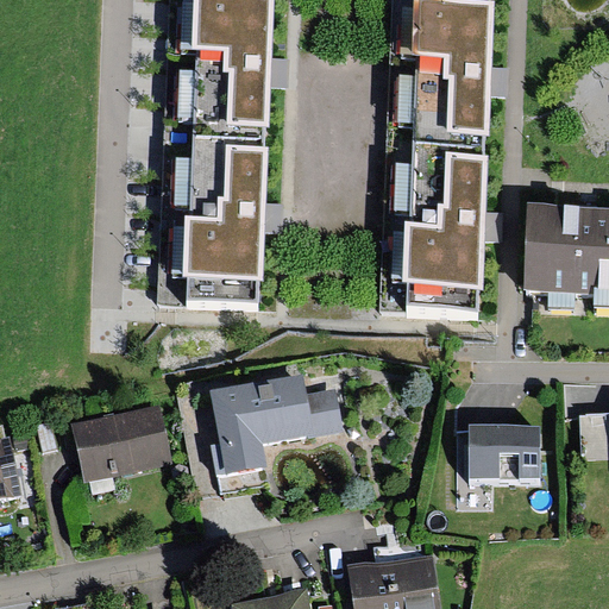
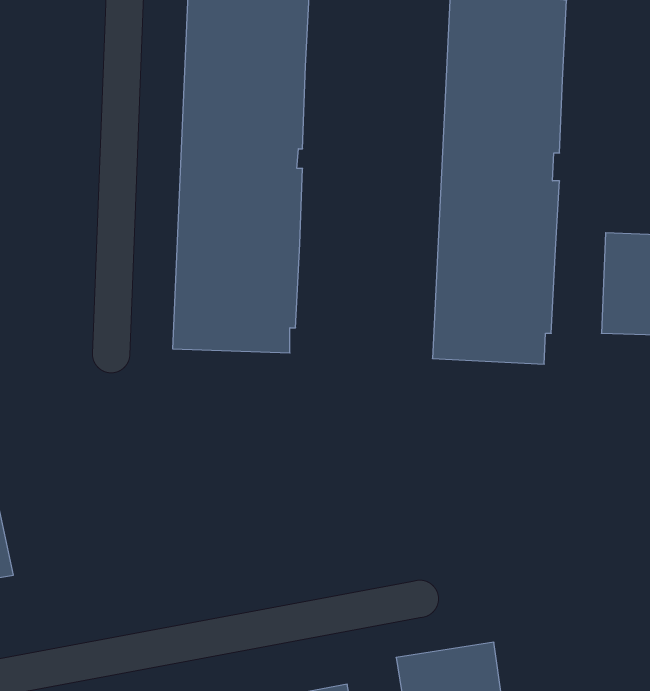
building: [211,376,346,490] -> none
building: [70,402,174,481] -> none
building: [458,429,541,507] -> none

